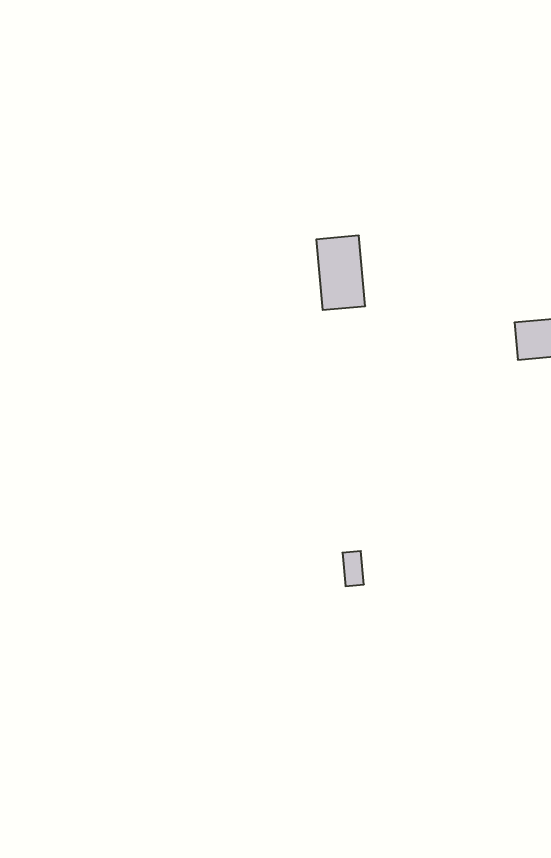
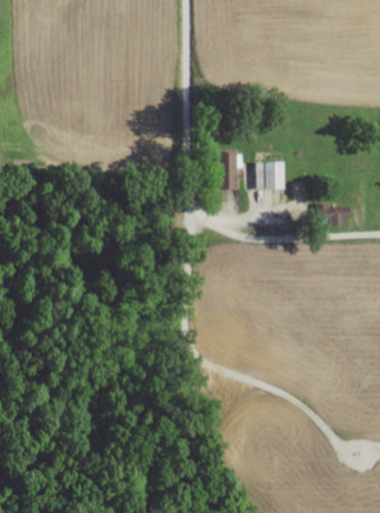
building: none -> [257,161,285,189]

